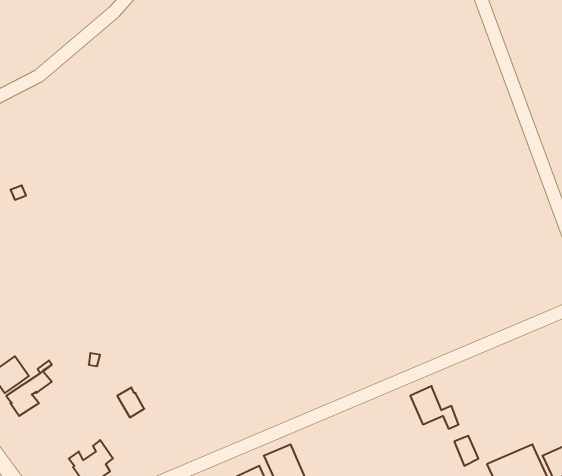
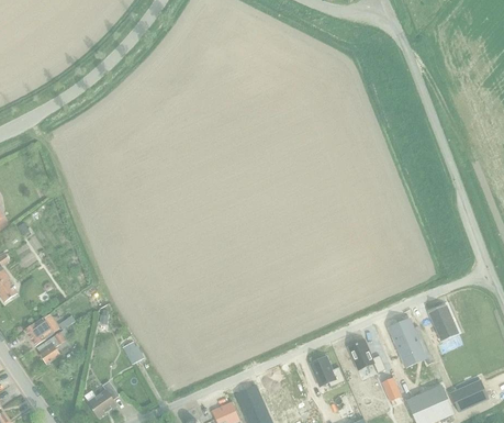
building: none -> [427,303,458,341]
building: none -> [390,320,433,363]
building: none -> [309,355,344,386]

